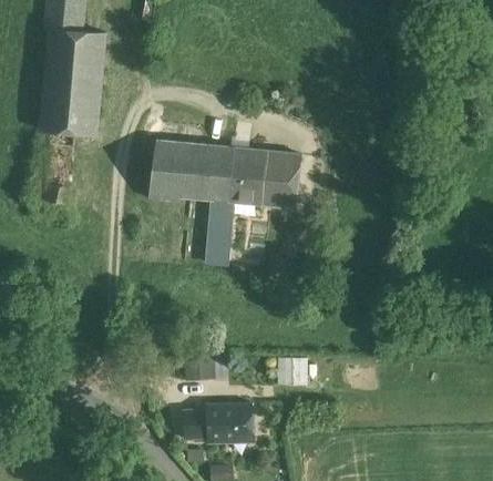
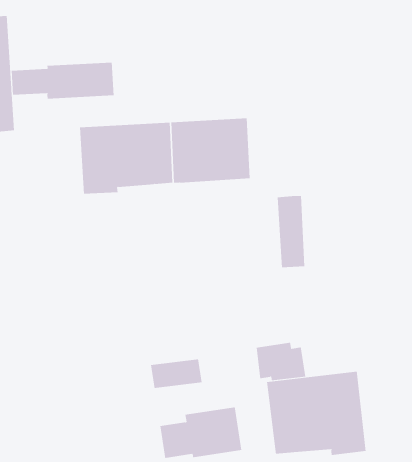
building: none -> [11,62,114,100]
building: [205,199,233,264] -> [277,195,305,268]
building: none -> [267,371,366,456]

